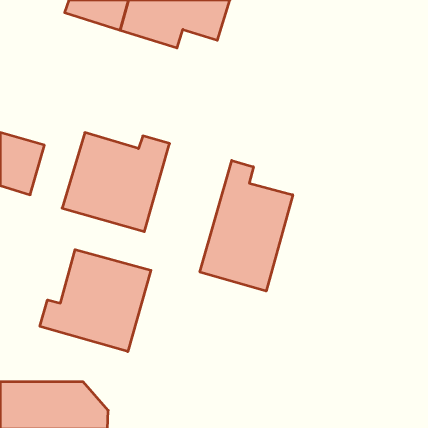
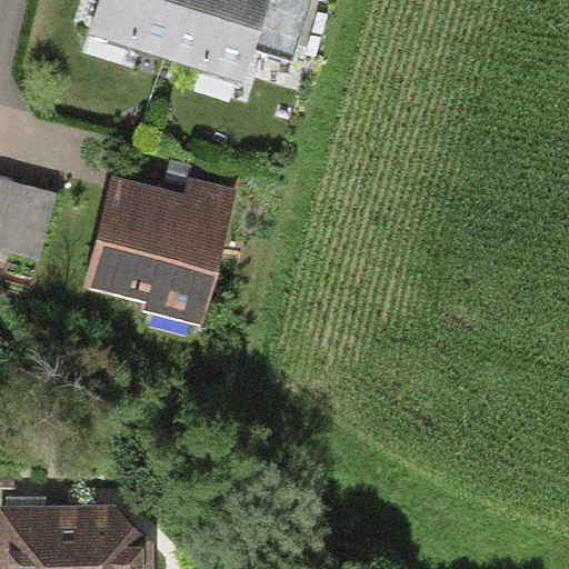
building: [200,160,293,291] -> none
building: [40,250,151,352] -> none

